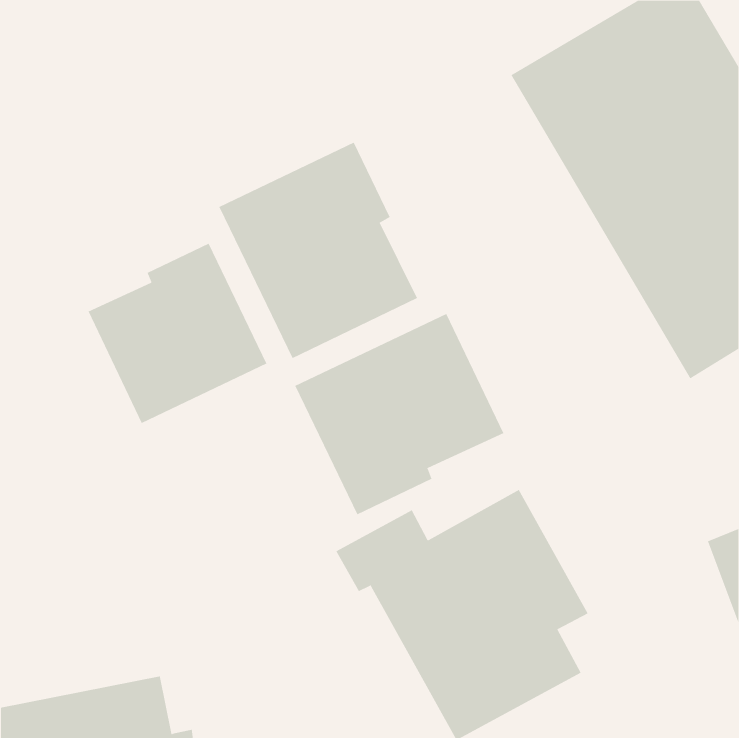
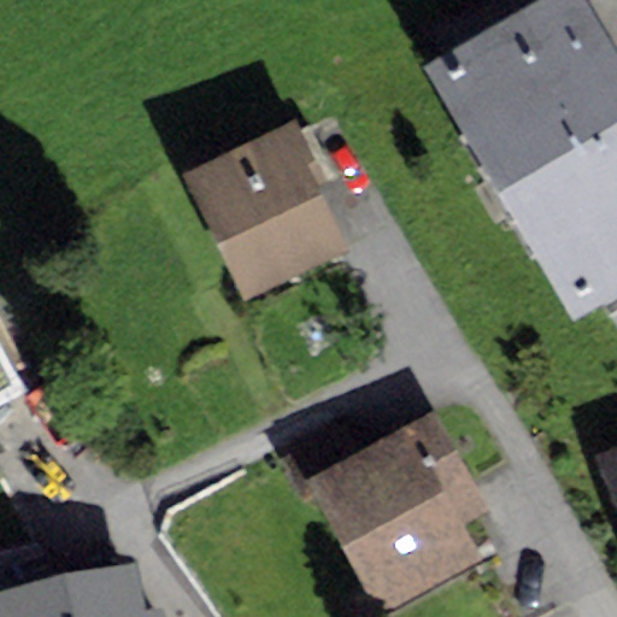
building: [88,243,267,424] -> none
building: [295,313,504,515] -> none

